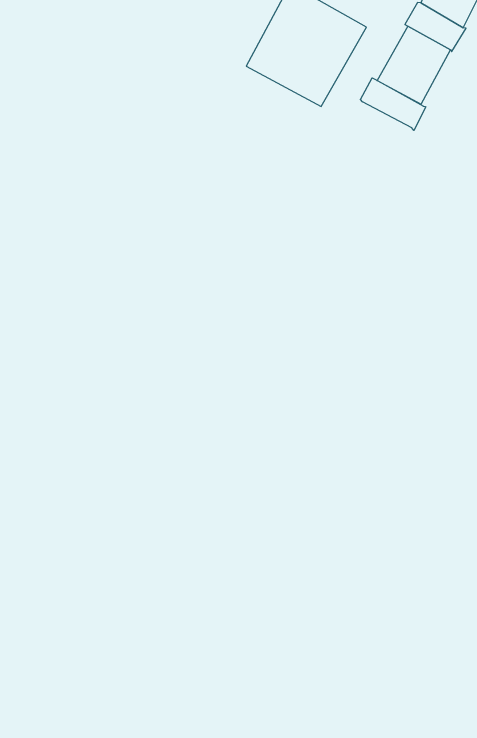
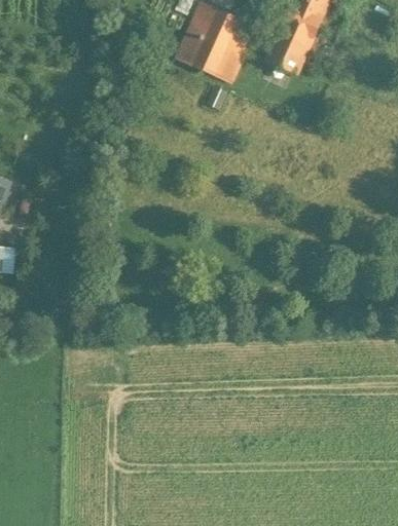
building: [360,78,426,130] -> none

